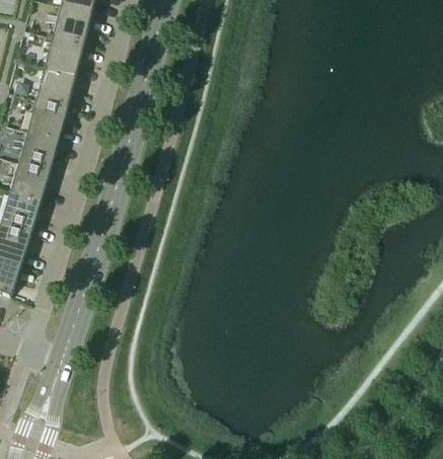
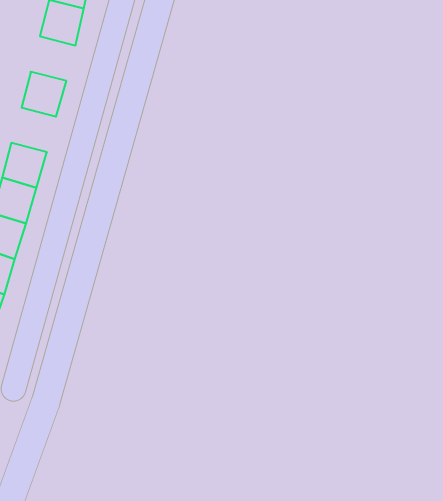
building: [45,33,84,73] -> none
building: [27,96,67,136] -> none

